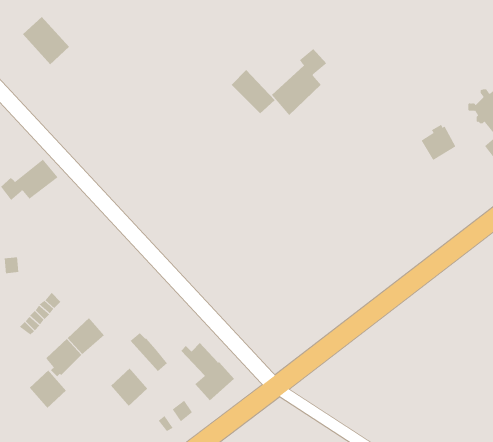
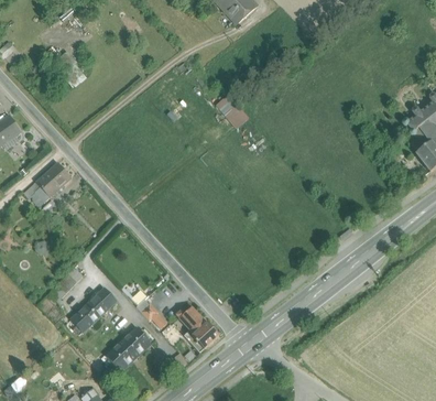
building: [271,48,327,116] -> none
building: [421,124,456,161] -> none
building: [29,370,67,409] -> [105,340,134,371]

